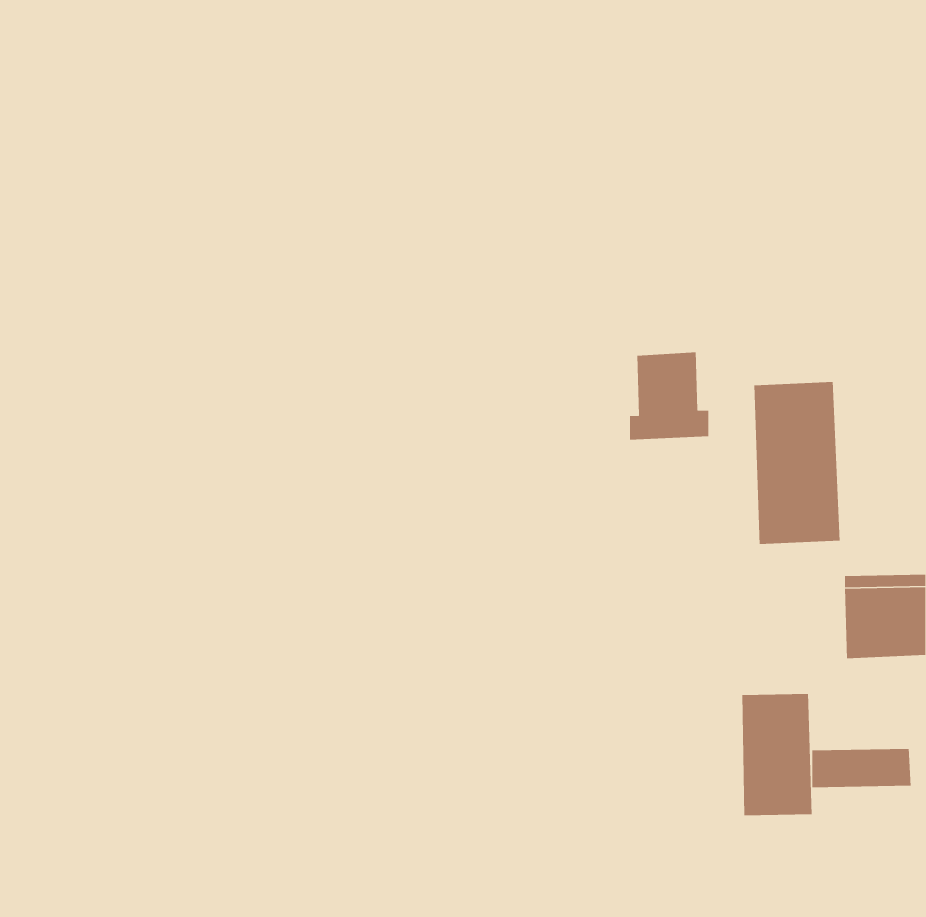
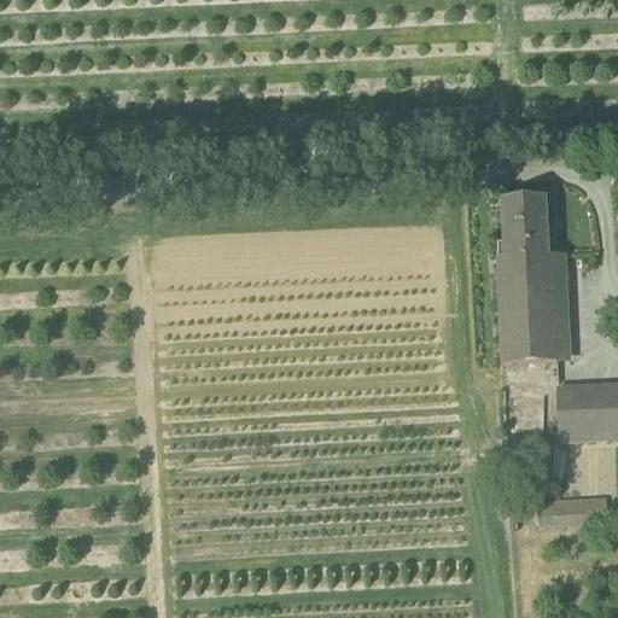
building: [629,352,709,441] -> [501,197,554,256]
building: [741,693,812,816] -> none

